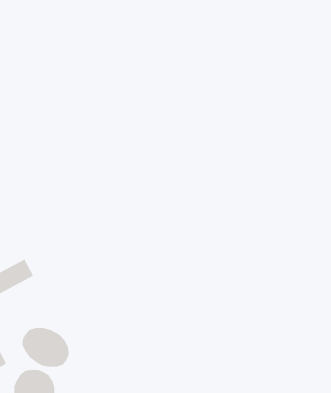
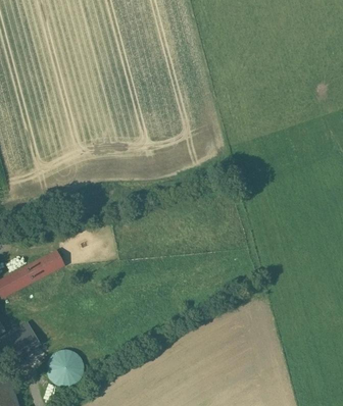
building: [22,327,69,367] -> none

